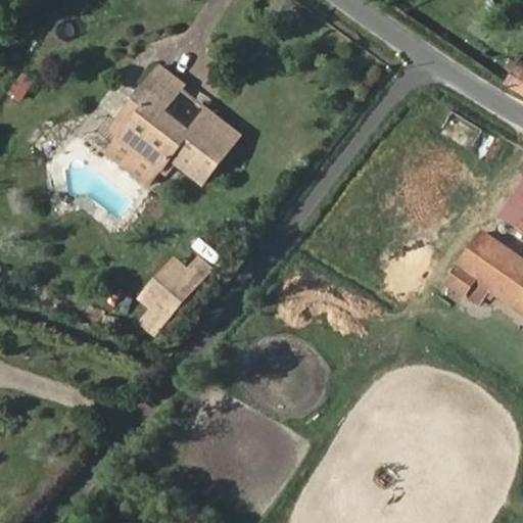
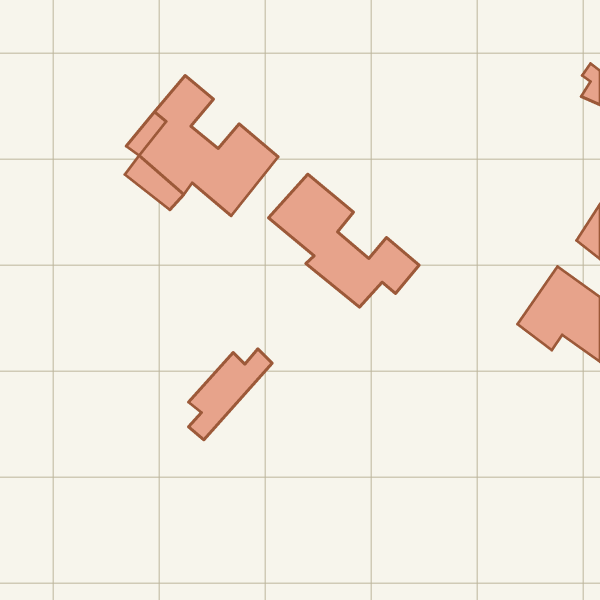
building: none -> [269,174,419,307]
building: [138,253,210,332] -> [188,349,272,440]

